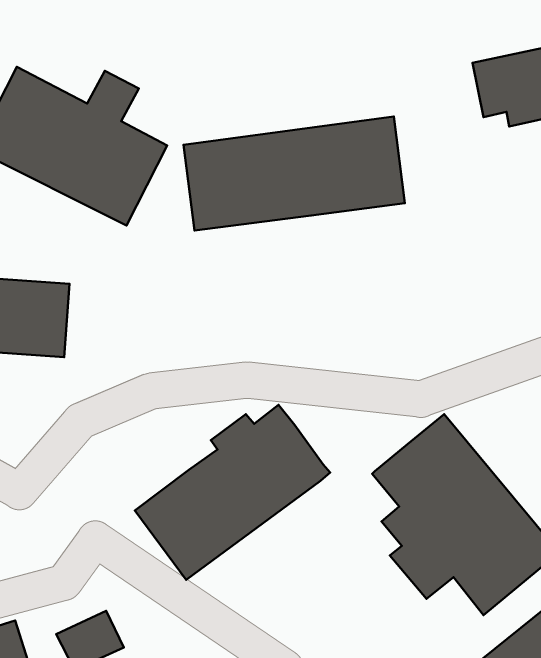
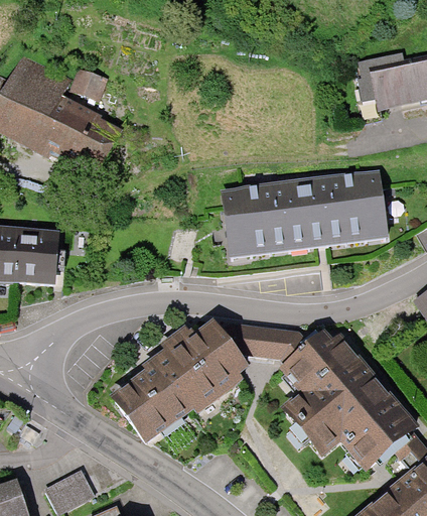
building: [184,116,405,230] -> [224,171,388,256]
building: none -> [224,325,308,367]

